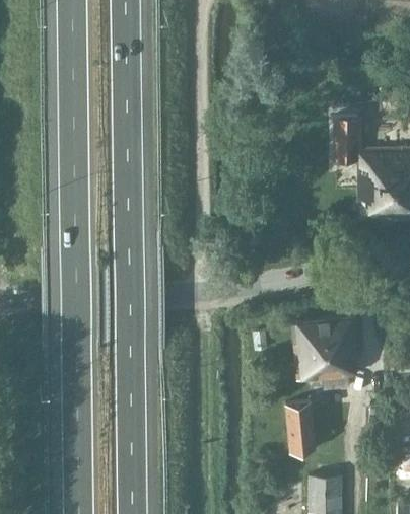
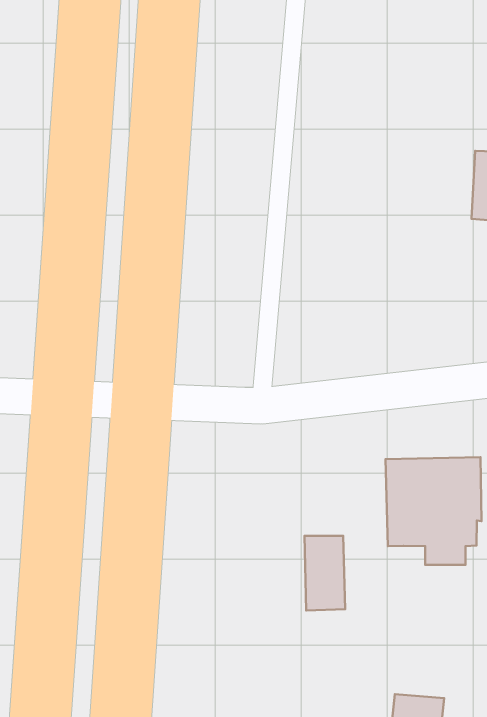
building: [286,402,317,453] -> [304,536,345,611]

